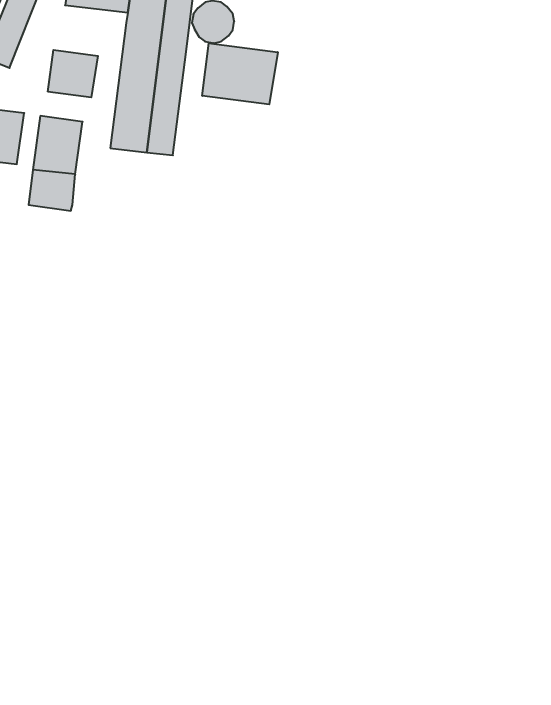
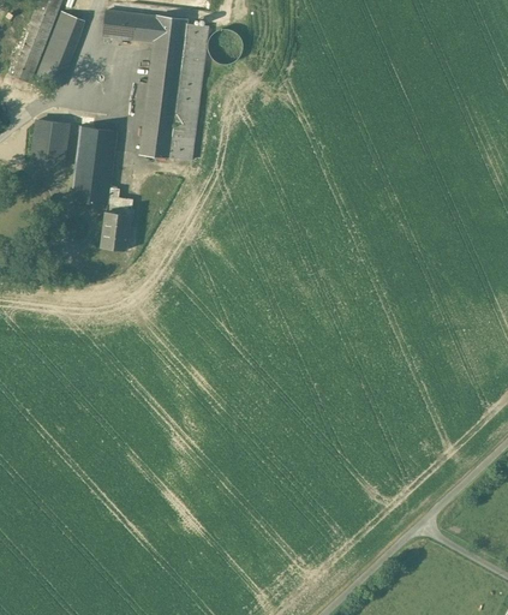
building: [202,43,278,104] -> none
building: [48,50,98,97] -> none
building: none -> [100,199,130,250]

